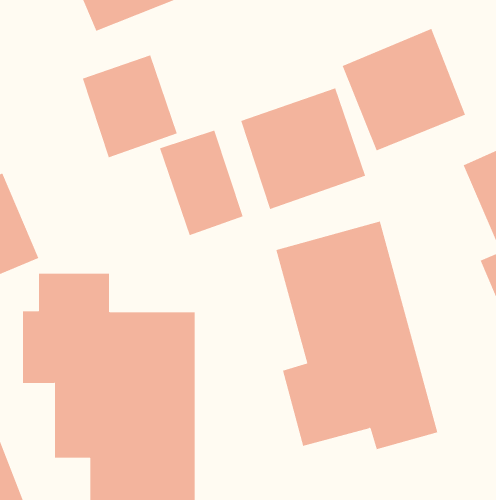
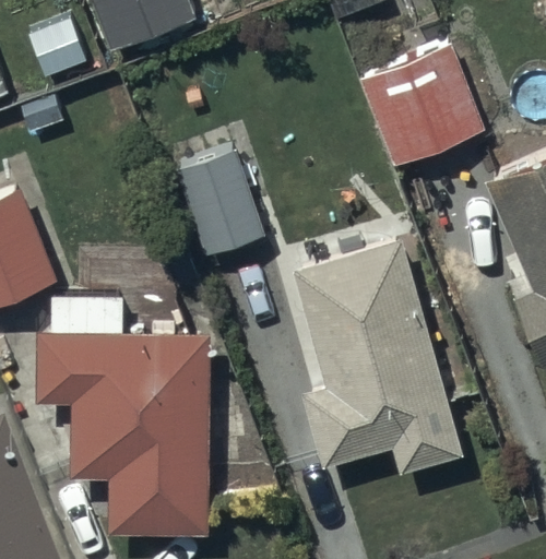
building: [82,55,178,158] -> none
building: [240,88,366,210] -> none

